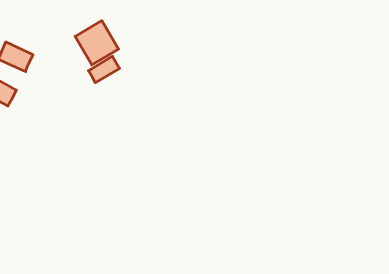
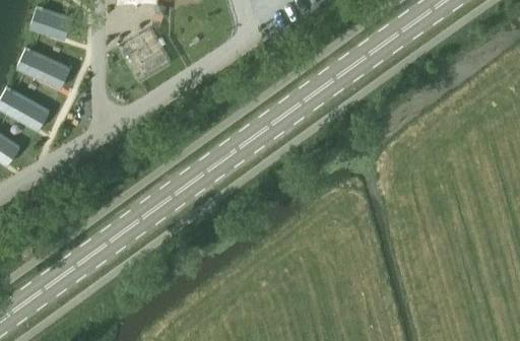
building: none -> [36,9,70,40]
building: [88,56,120,83] -> none

